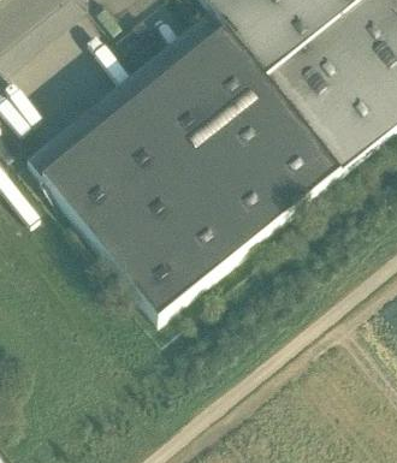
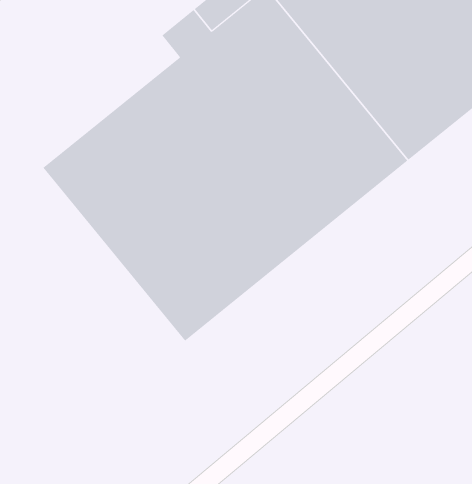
building: [25,67,152,176] -> none

